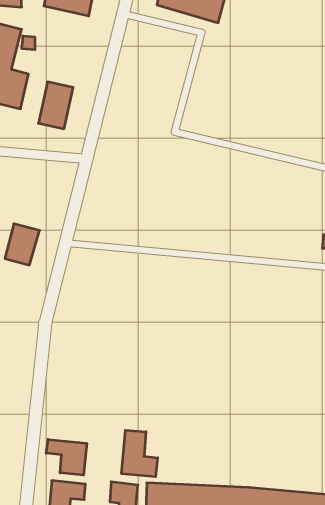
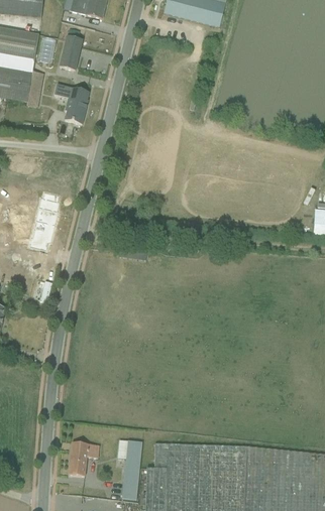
building: none -> [58,35,83,72]
building: [122,430,158,477] -> none
building: [46,439,87,475] -> none

